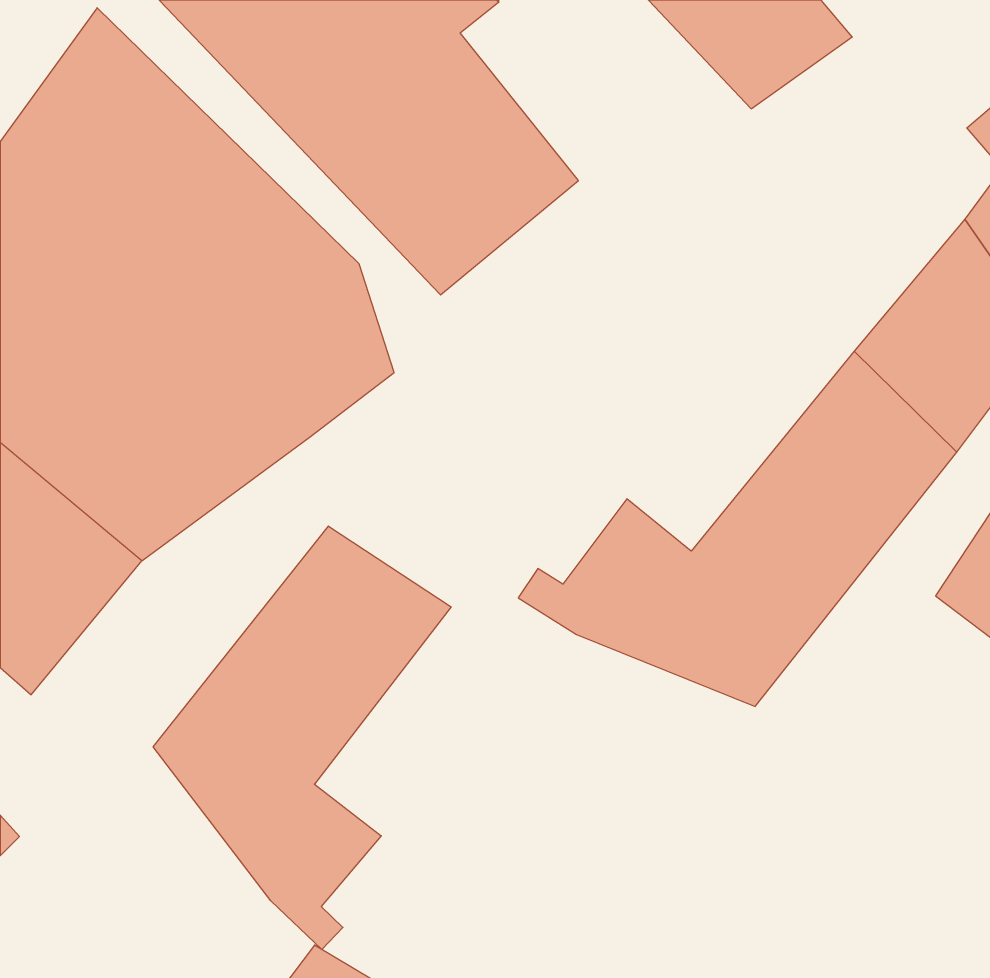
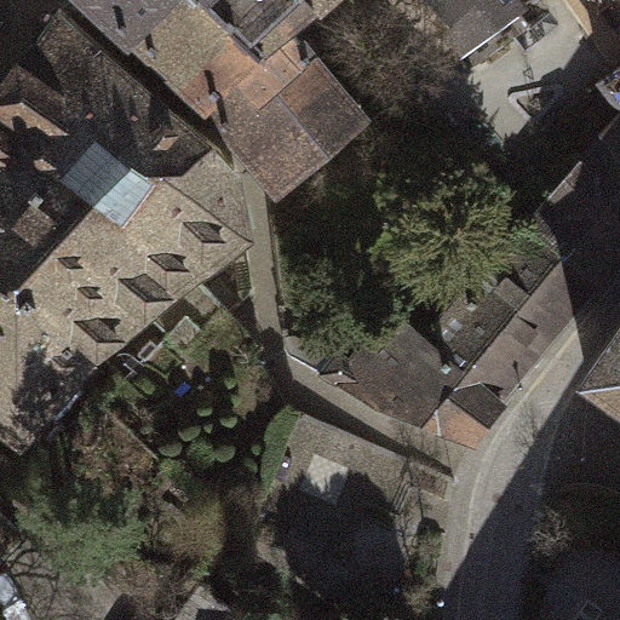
building: [153,526,451,949] -> none

